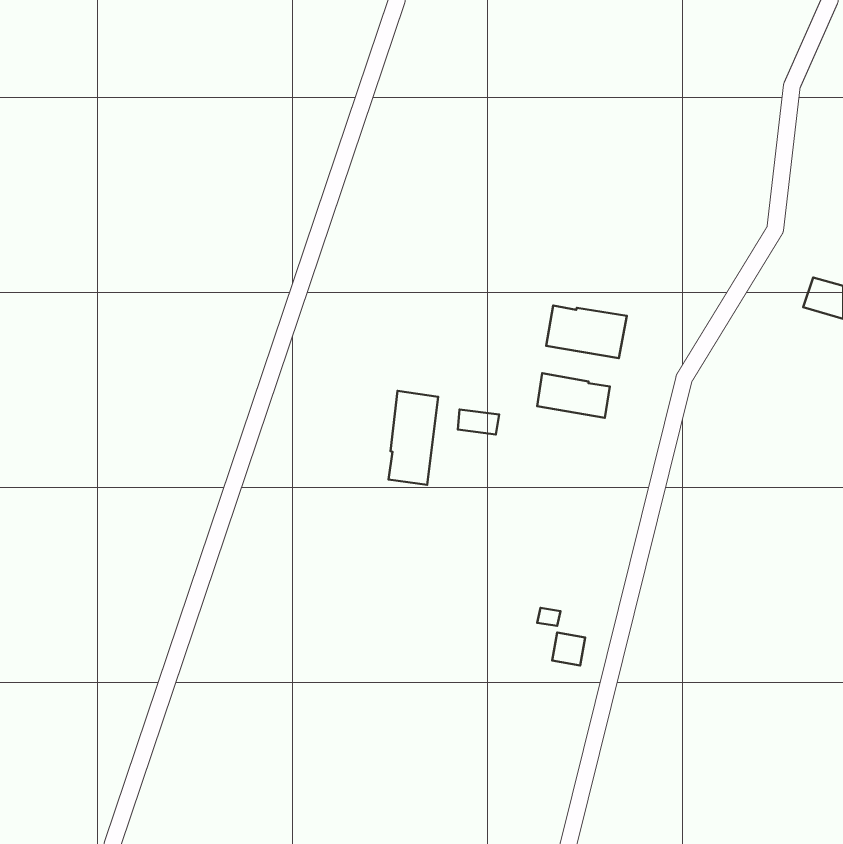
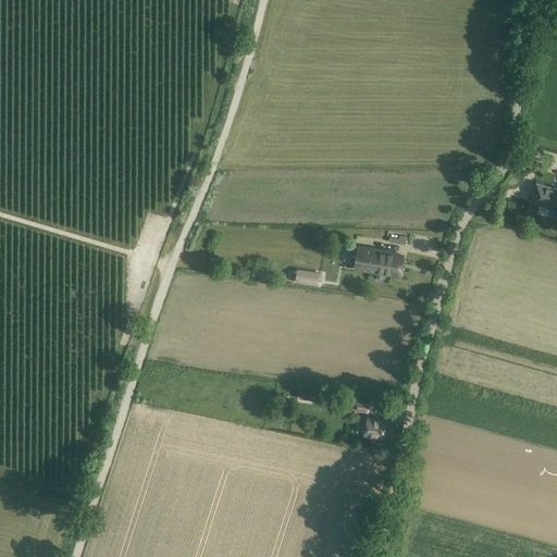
building: [546,306,627,358] -> none
building: [389,391,438,485] -> none

